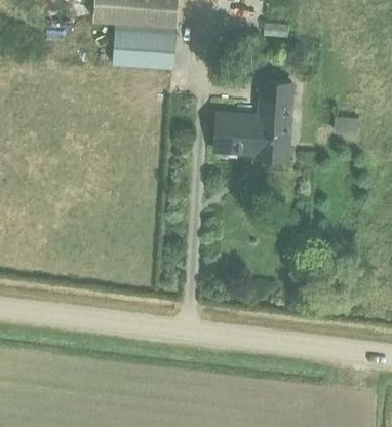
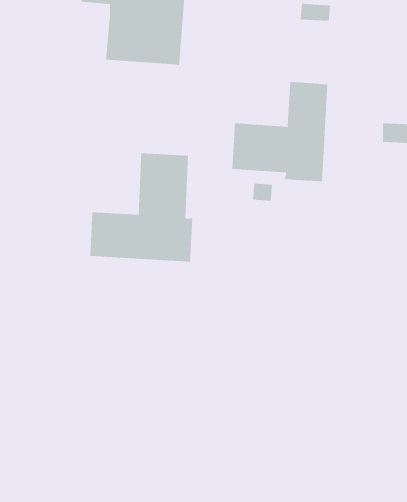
building: none -> [90,153,193,262]

